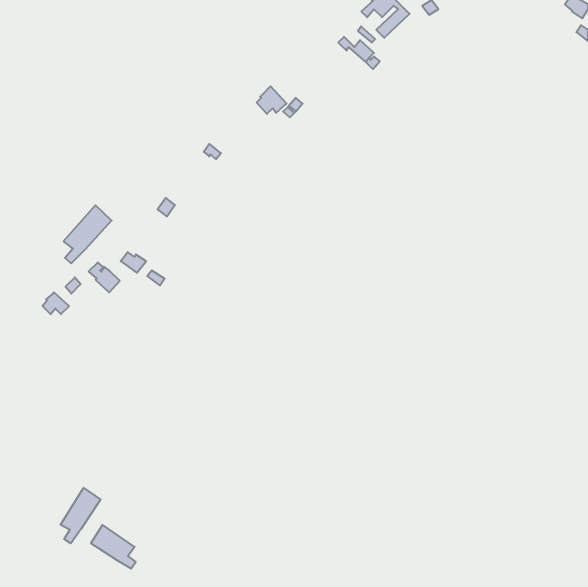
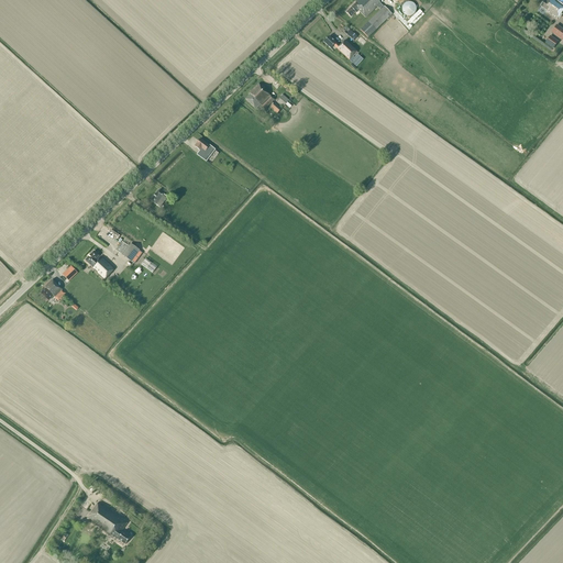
building: [64,205,112,263] -> none
building: [60,488,100,543] -> none

